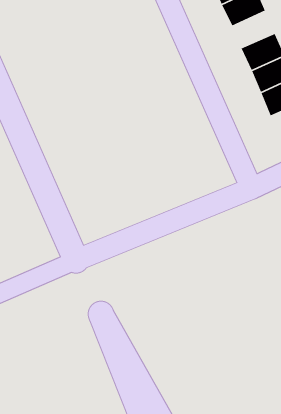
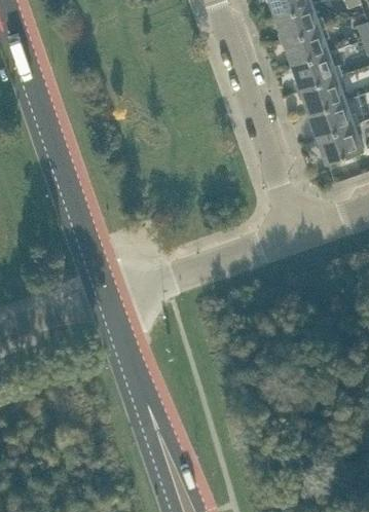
building: none -> [291,51,336,88]

